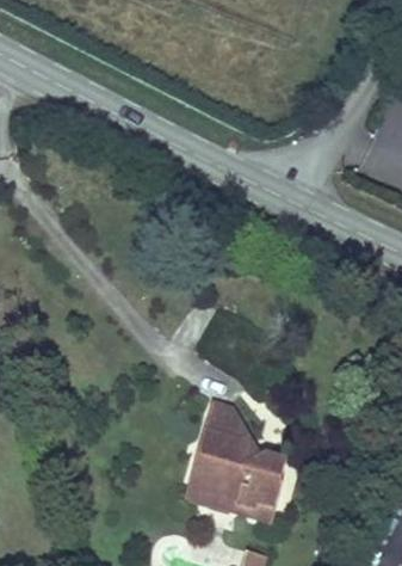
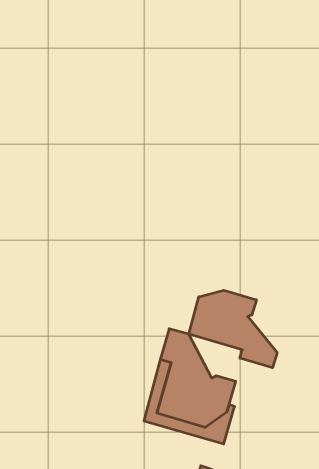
building: none -> [189,290,277,368]

